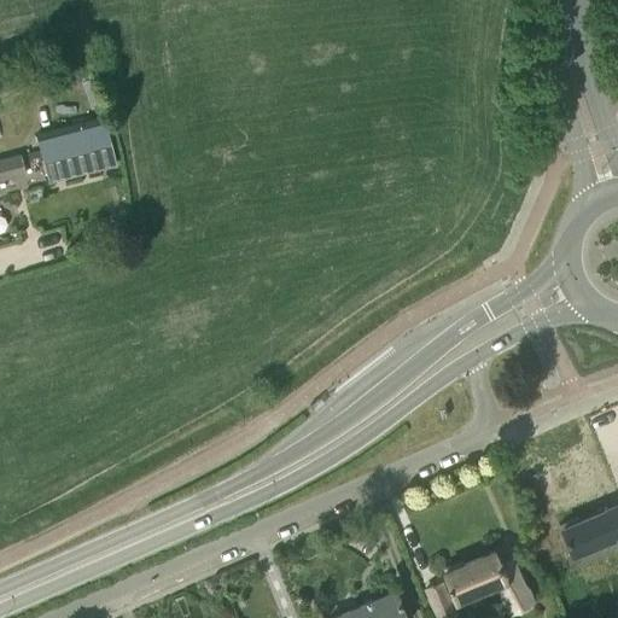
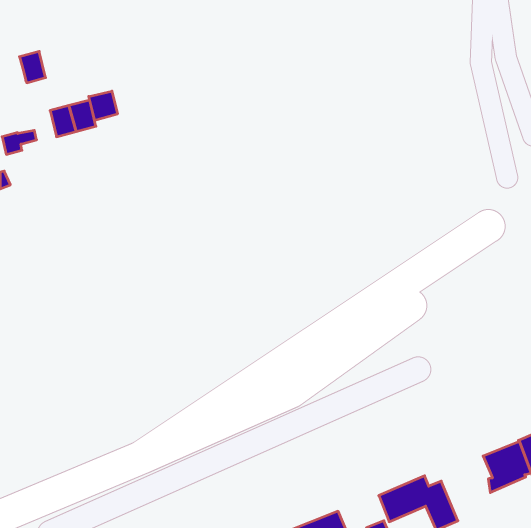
building: none -> [89,91,117,121]
building: [37,134,68,170] -> [19,51,46,83]

